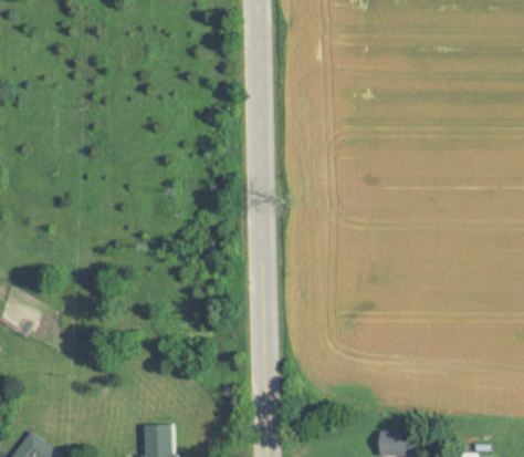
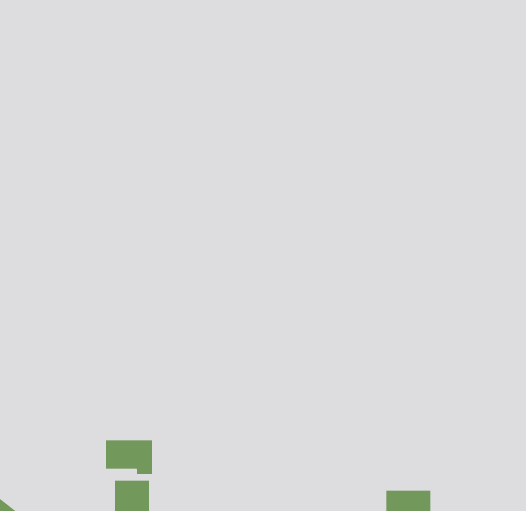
building: none -> [105,440,153,475]

